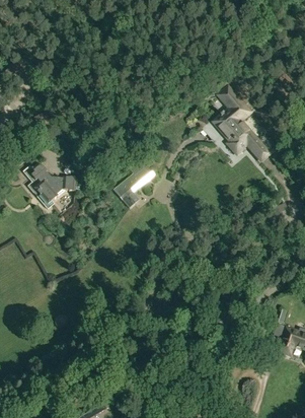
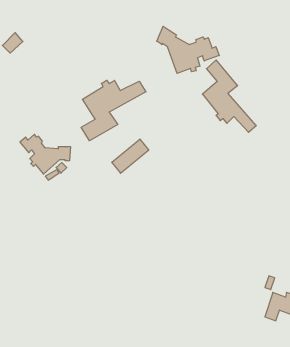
building: none -> [157,26,219,73]
building: none -> [81,80,146,141]

